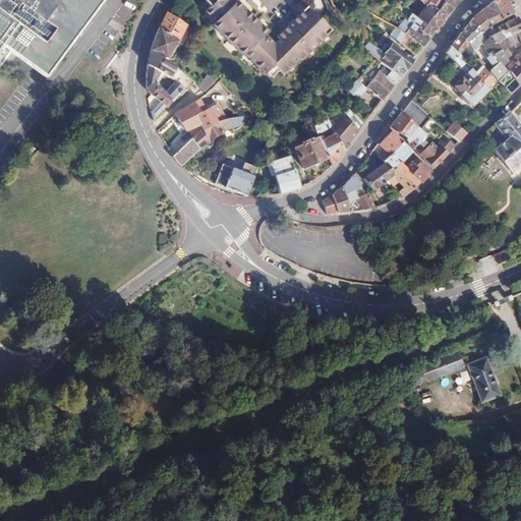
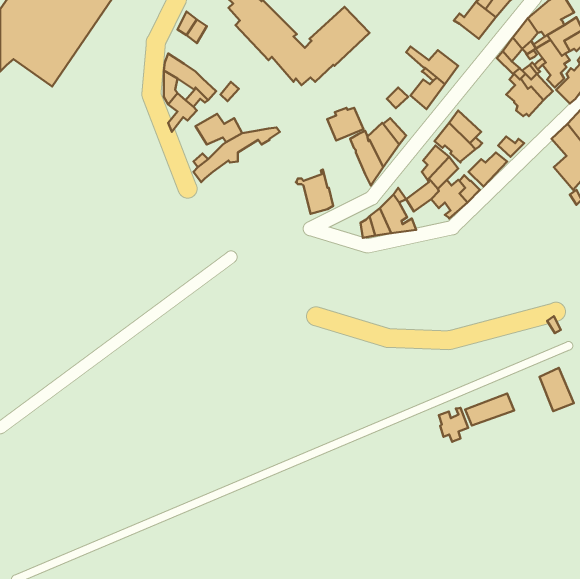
building: [390,21,429,44] -> none
building: [152,26,177,57] -> none
building: [295,136,328,166] -> [327,108,363,141]
building: [216,163,254,194] -> none
building: [467,359,498,398] -> [540,368,574,411]
building: none -> [439,408,468,442]

